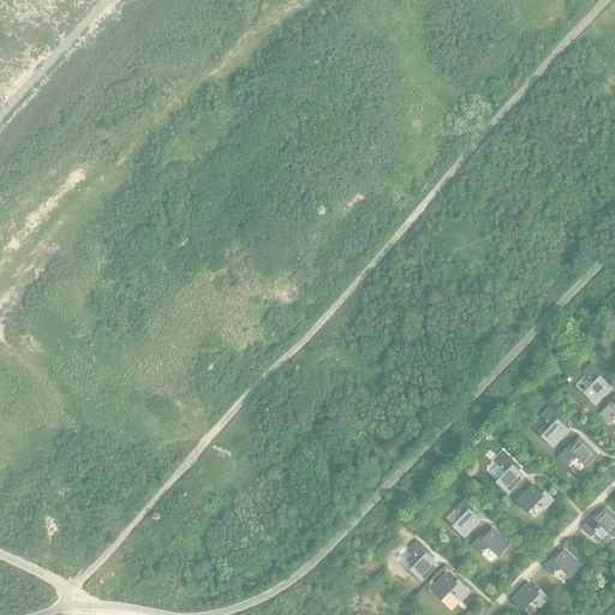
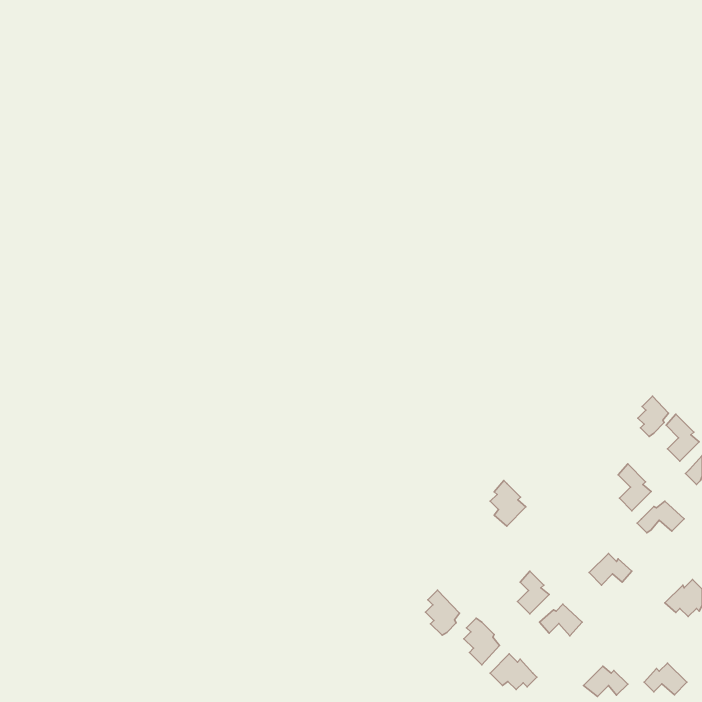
building: none -> [638,396,669,436]
building: [491,452,523,491] -> [490,481,526,526]
building: none -> [425,590,459,635]
building: [543,548,580,575] -> [644,663,687,695]

